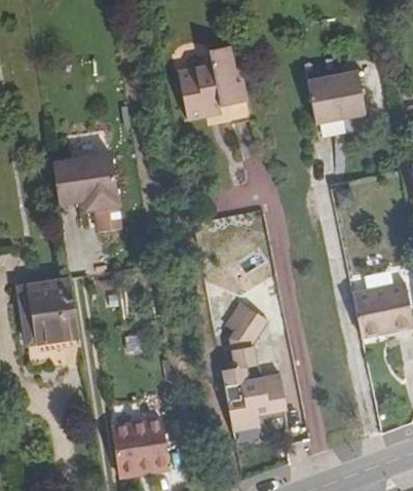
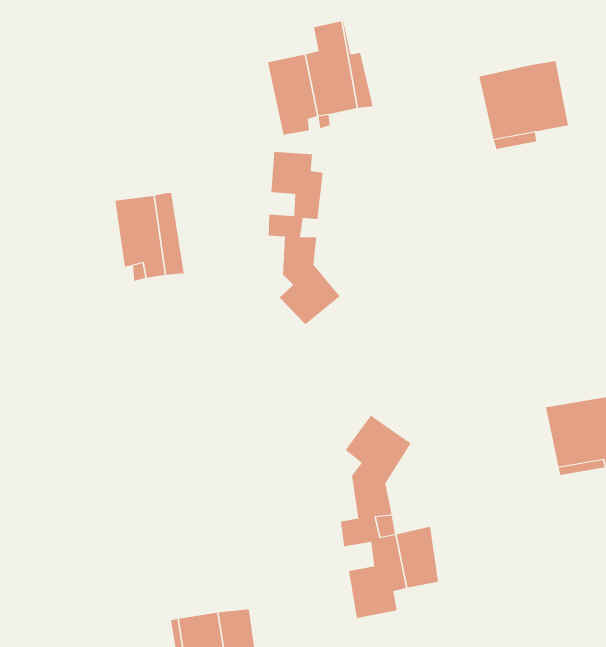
building: none -> [268,151,341,325]
building: [54,159,81,205] -> none
building: [29,277,81,345] -> none

